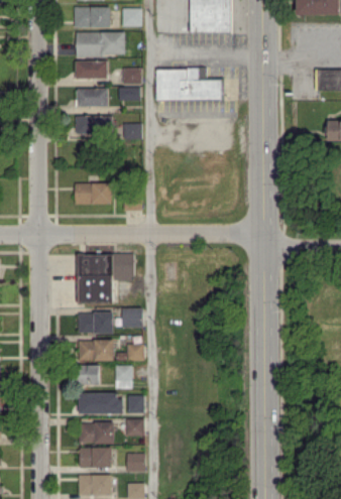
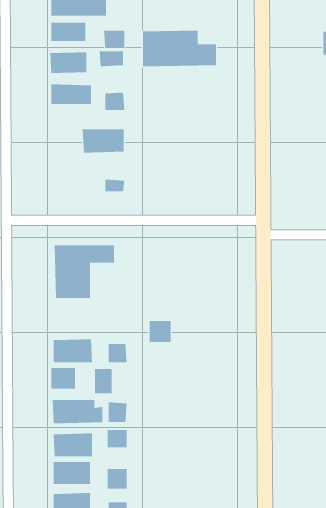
building: [75,183,112,205] -> [82,129,124,153]
building: [122,308,142,328] -> [149,321,172,342]
building: [79,313,113,334] -> none

